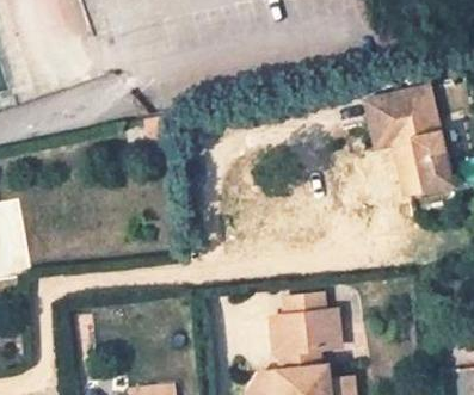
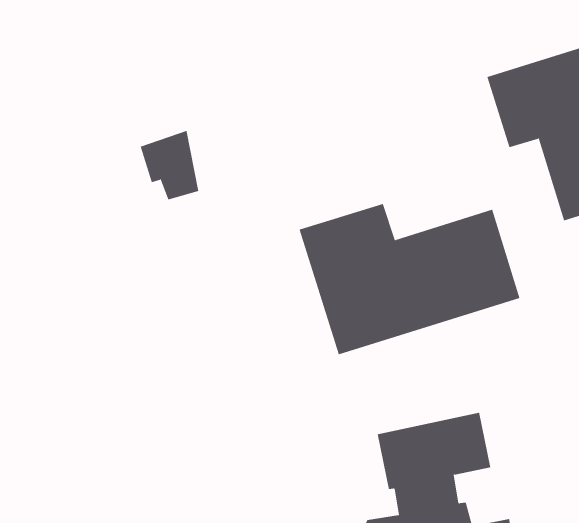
building: none -> [299,203,520,355]

